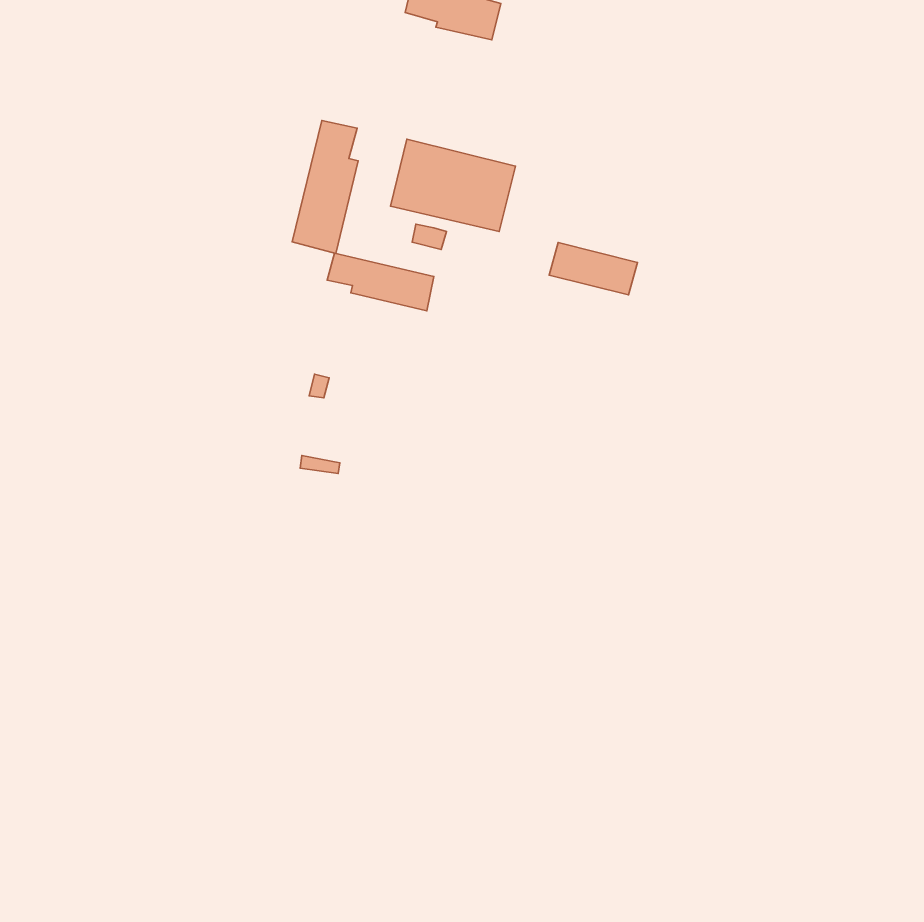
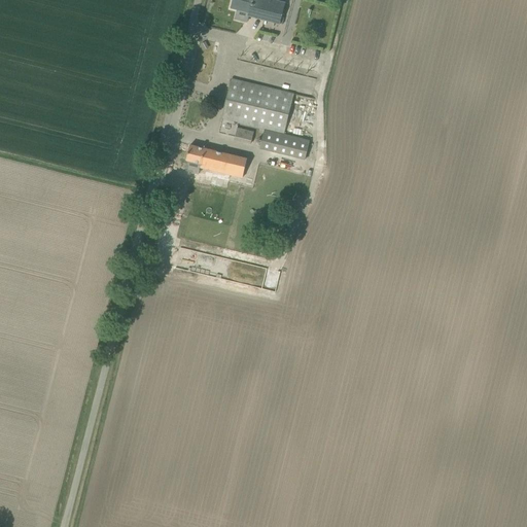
building: [292,120,358,253] -> none
building: [549,243,638,295] -> [259,129,310,159]

